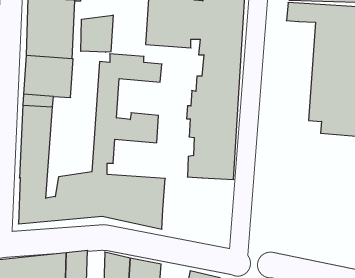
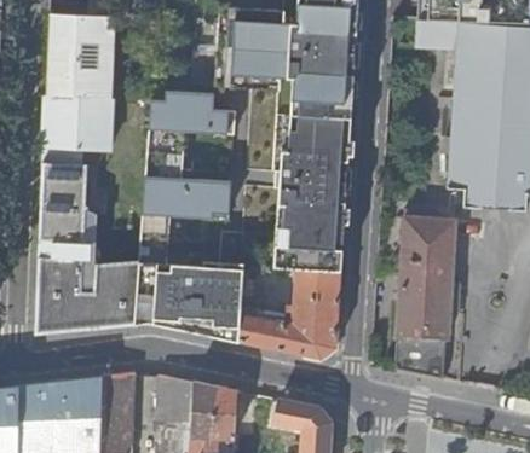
building: [81,15,113,52] -> none
building: none -> [394,219,455,378]
building: none -> [238,268,340,359]

